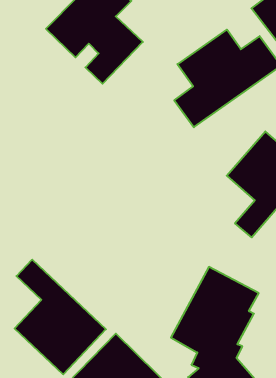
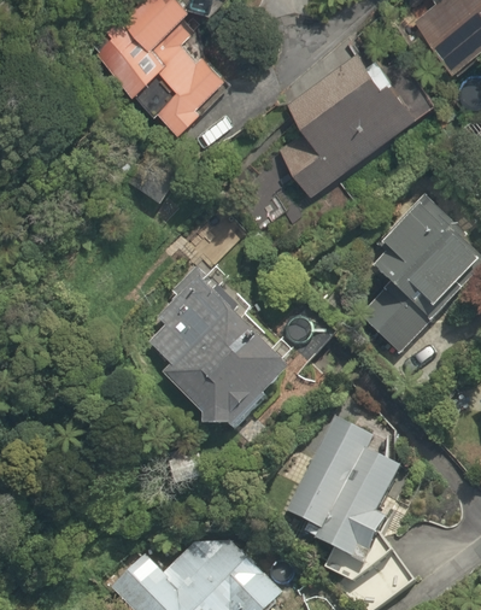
building: none -> [157,277,282,452]
building: [15,260,106,374] -> none

